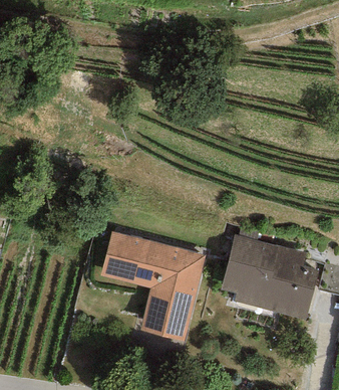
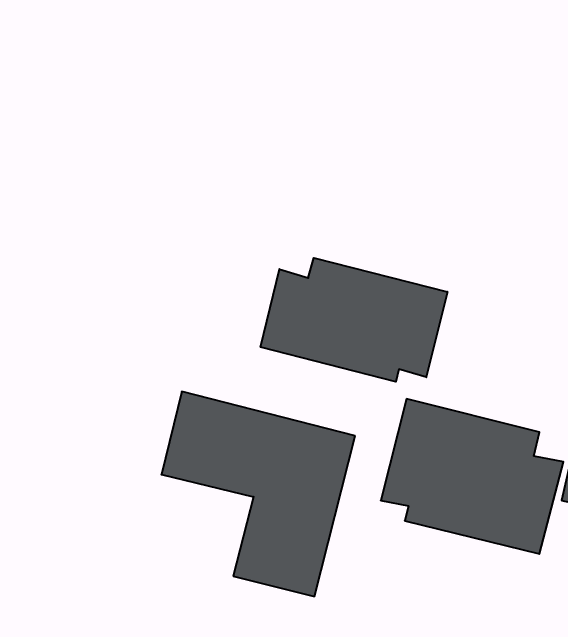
building: none -> [261,258,447,382]

